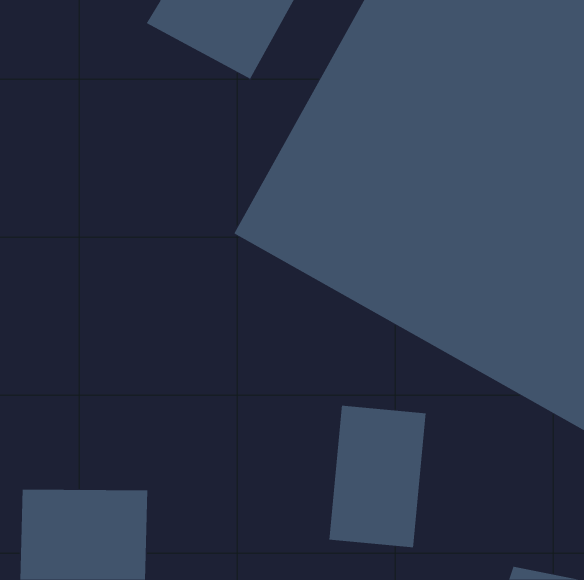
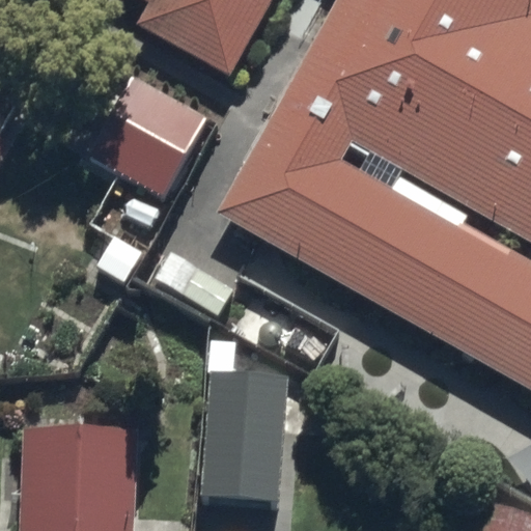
building: none -> [89,83,213,209]
building: [329,405,426,548] -> [202,386,290,514]

